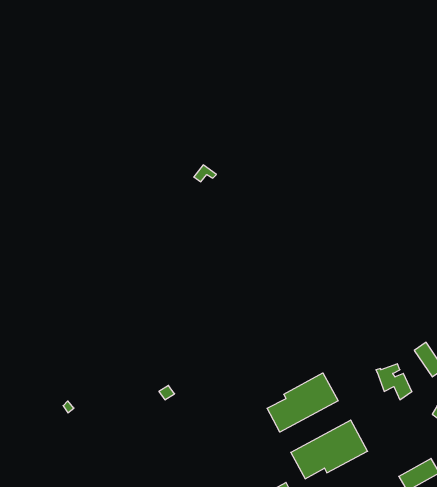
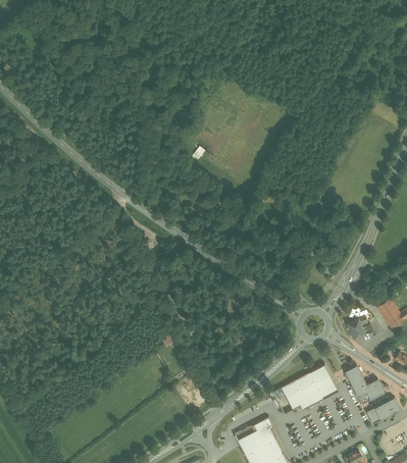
building: [267,373,338,432] -> none
building: none -> [344,365,384,404]

